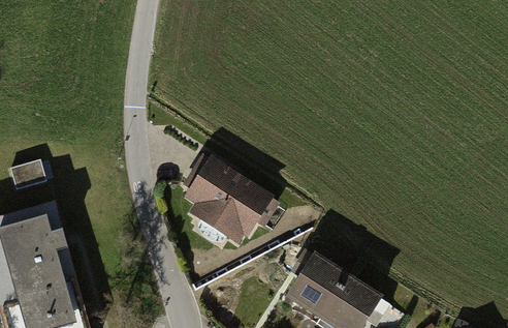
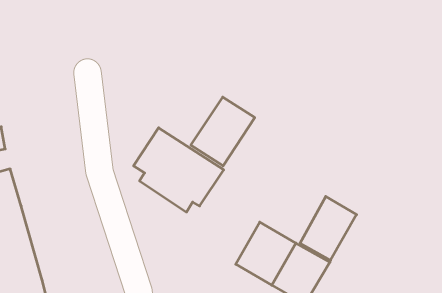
building: none -> [191,97,255,166]
building: none -> [300,196,357,260]

